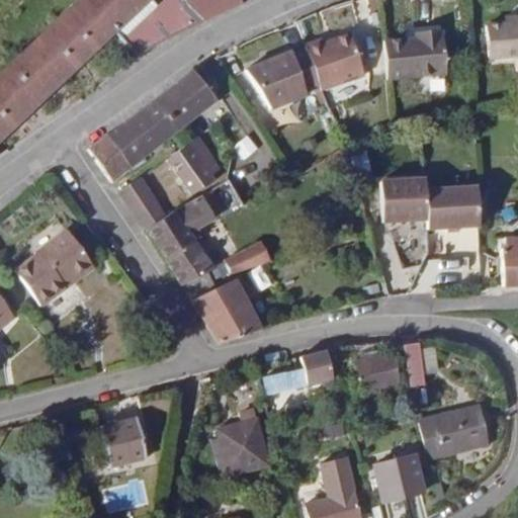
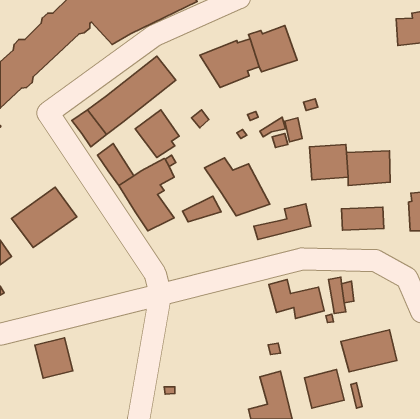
building: [385,23,448,78] -> none
building: [183,271,263,342] -> [205,158,270,216]
building: [264,349,334,393] -> [254,204,311,239]
building: [102,416,149,465] -> [35,338,73,378]
building: [212,417,270,476] -> none

